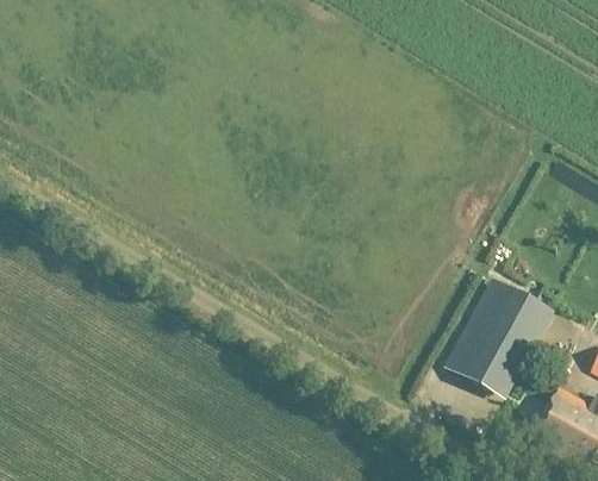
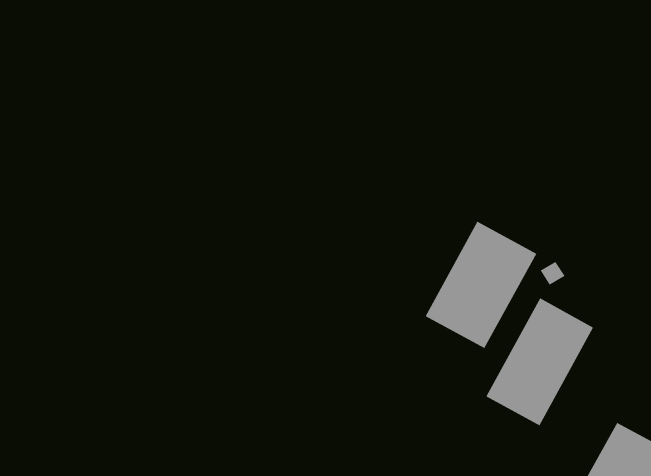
building: none -> [425,221,537,349]

